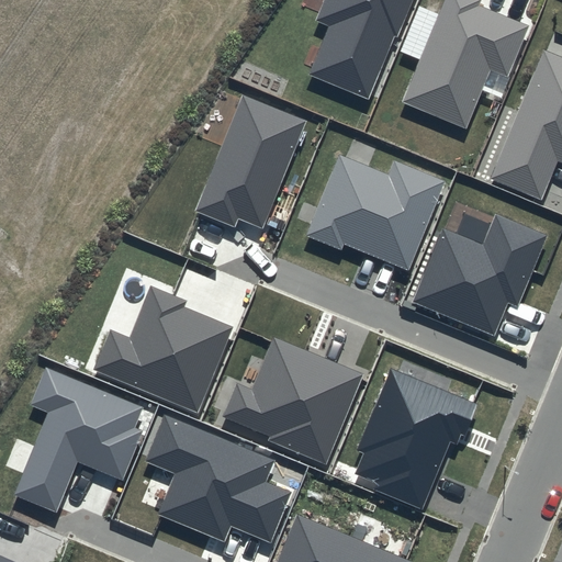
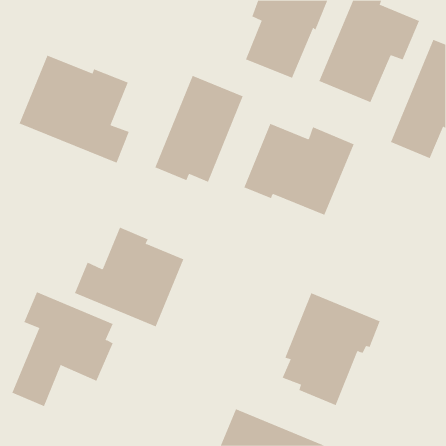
building: none -> [19,55,130,163]
building: [412,214,546,336] -> none
building: [223,337,363,464] -> none
building: [146,416,291,542] -> none

